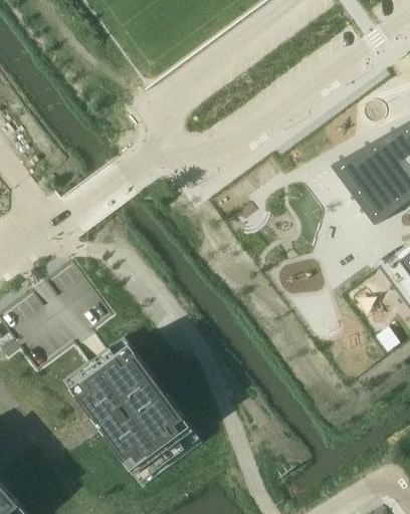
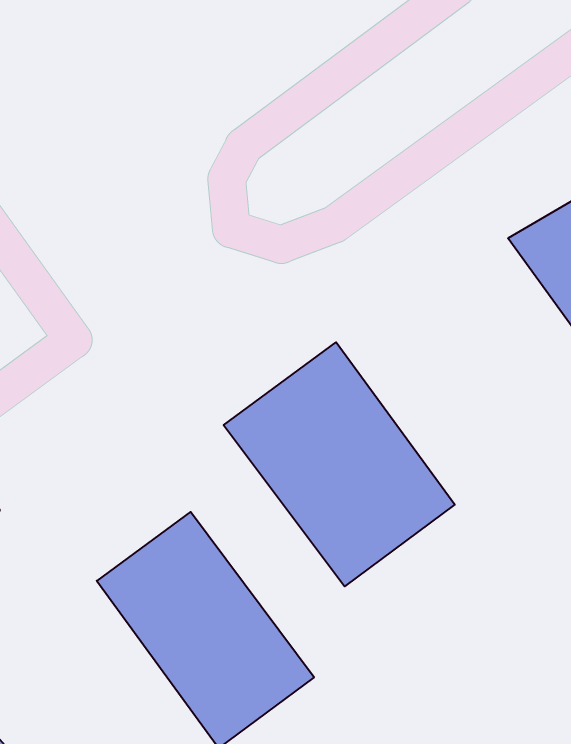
building: none -> [224,342,455,586]

